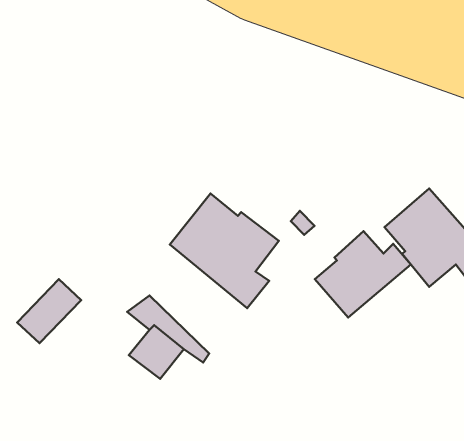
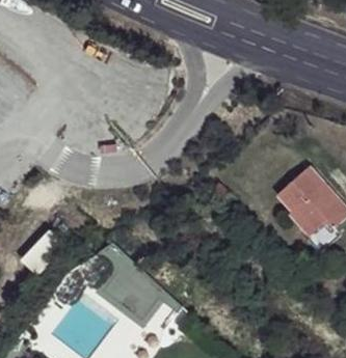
building: [170,193,279,308] -> none
building: [315,231,411,318] -> none

